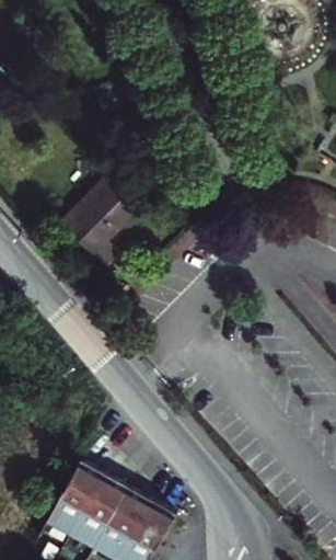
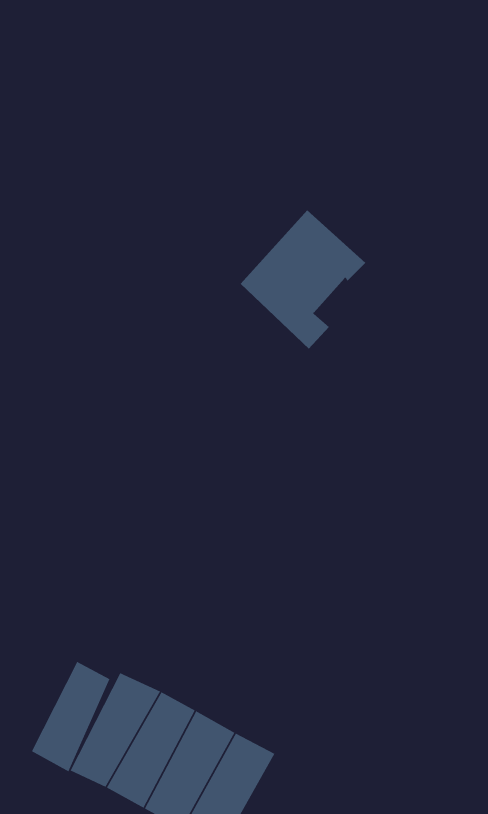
building: [62,186,142,275] -> [240,209,366,349]
building: none -> [31,661,111,773]

